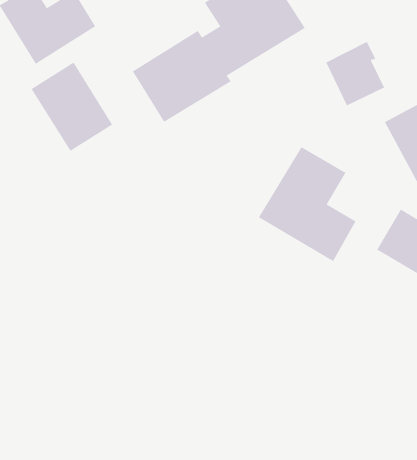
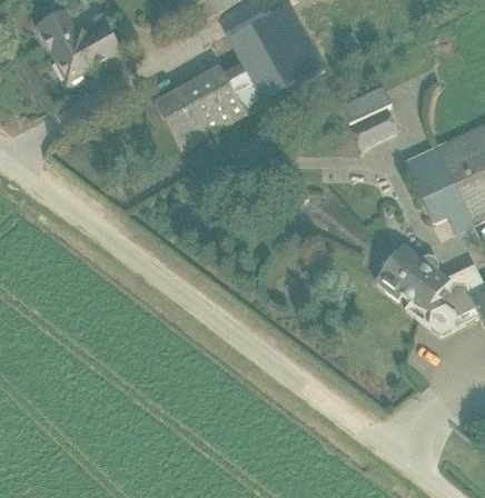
building: [30,62,113,152] -> none
building: [258,146,356,262] -> none

